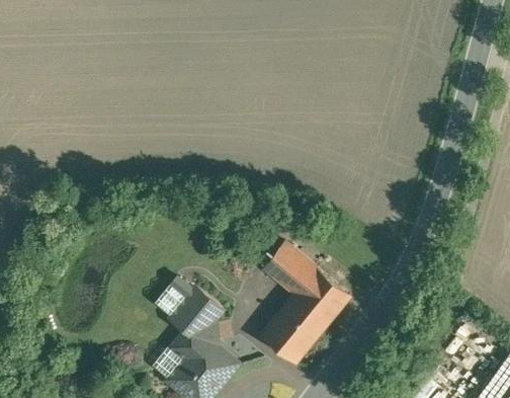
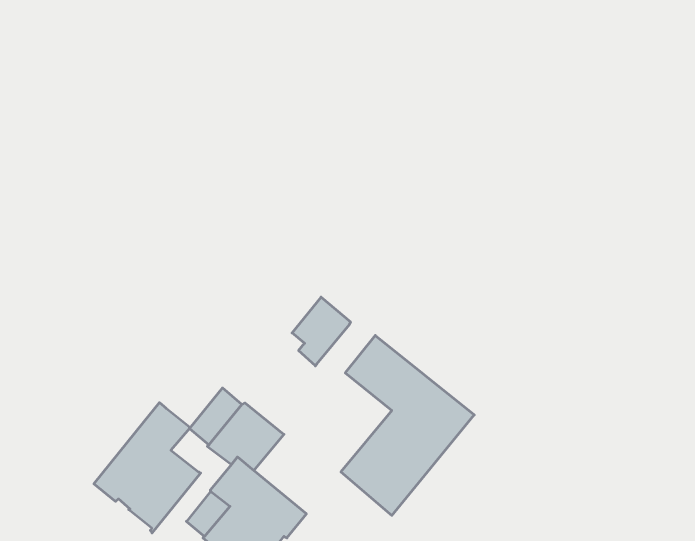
building: none -> [292,297,350,366]
building: none -> [94,403,201,533]

